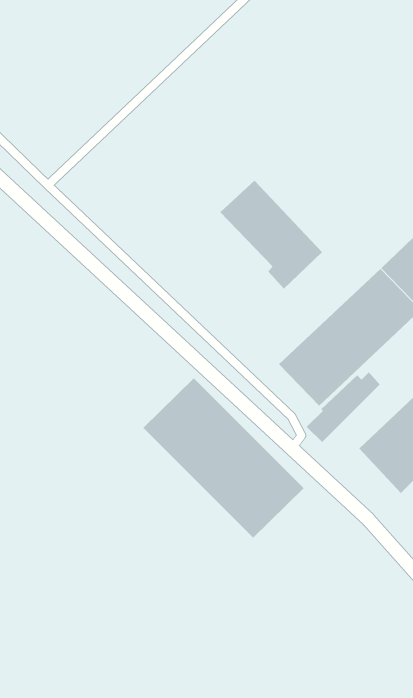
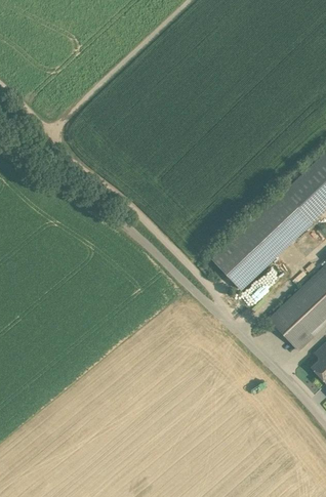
building: [220,180,323,290] -> none
building: [142,378,305,538] -> none

